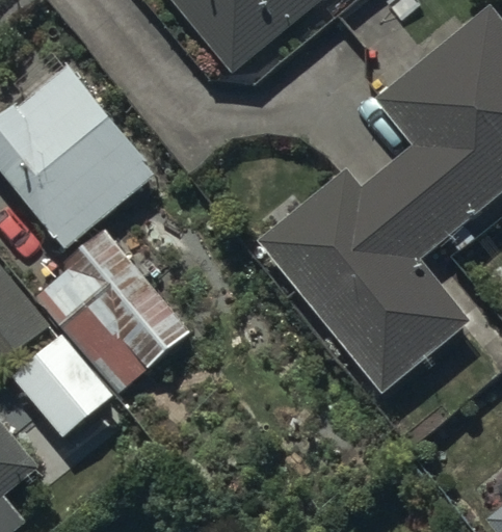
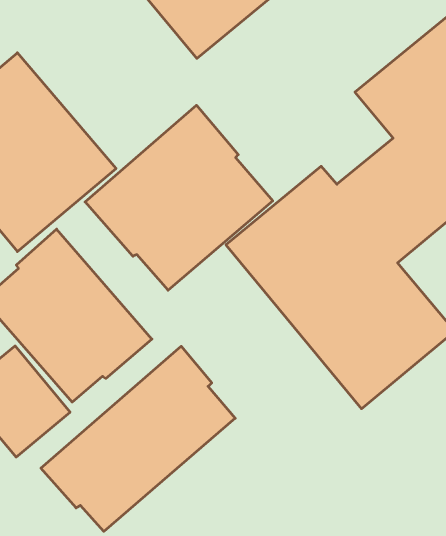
building: none -> [85,105,273,290]
building: none -> [41,346,235,531]

